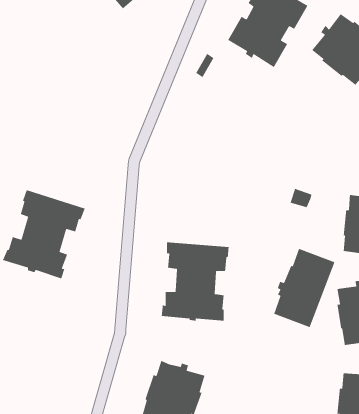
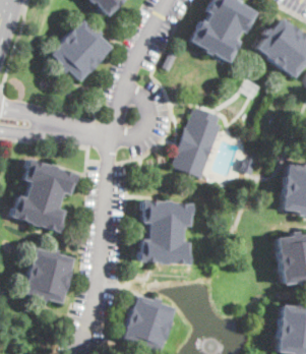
building: none -> [52,20,111,80]
building: [273,248,336,328] -> [174,114,224,178]
building: none -> [24,248,73,302]

